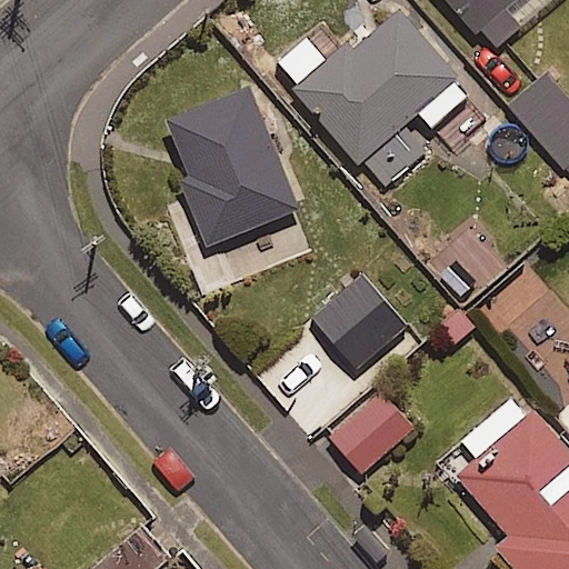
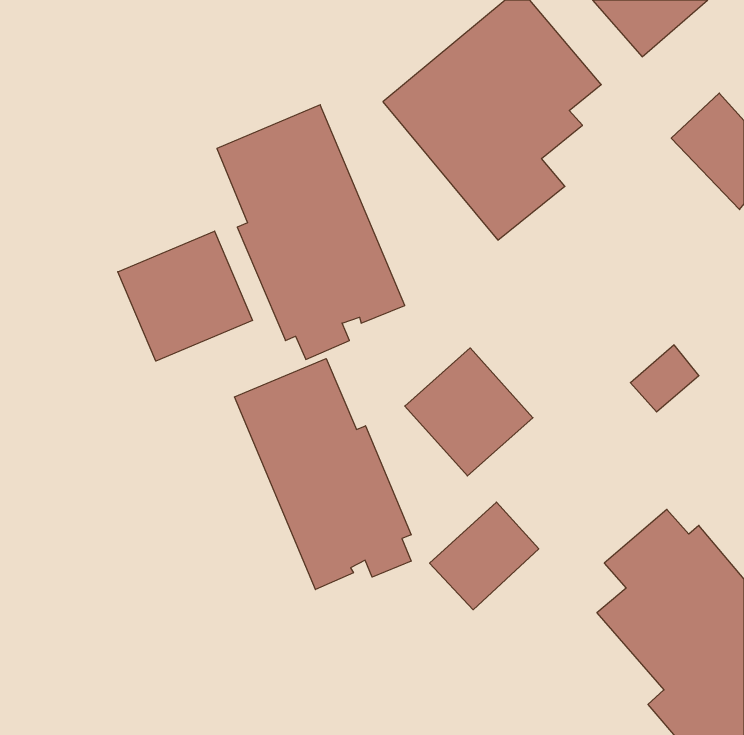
building: none -> [118,231,253,361]
building: none -> [234,359,411,590]

